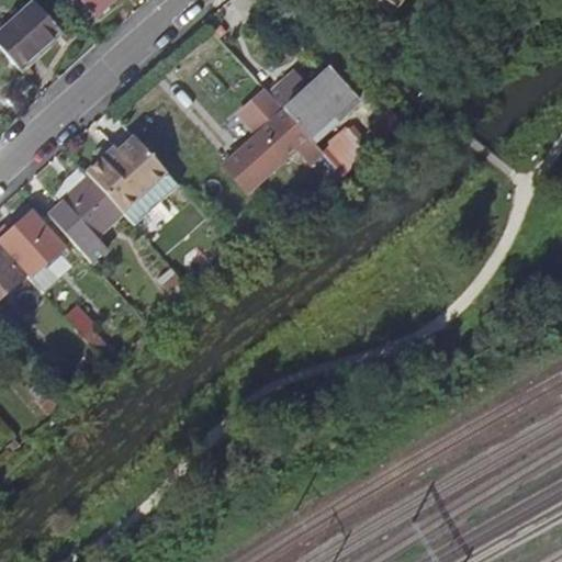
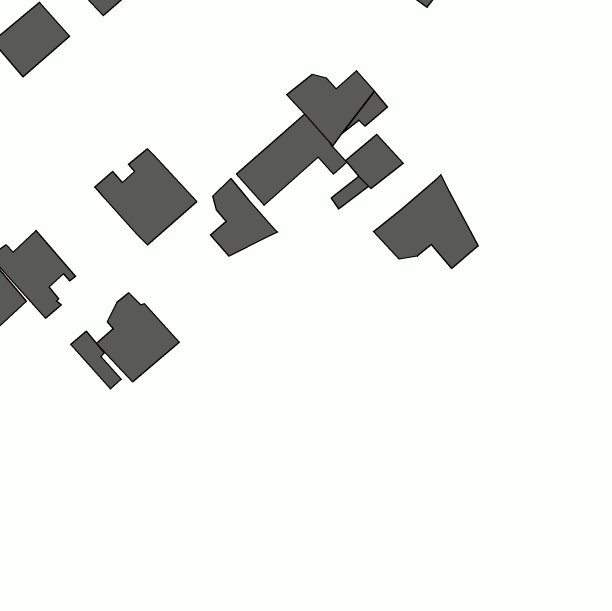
building: none -> [373,175,478,268]
building: none -> [211,179,278,256]
building: [49,169,125,250] -> [96,293,179,382]

